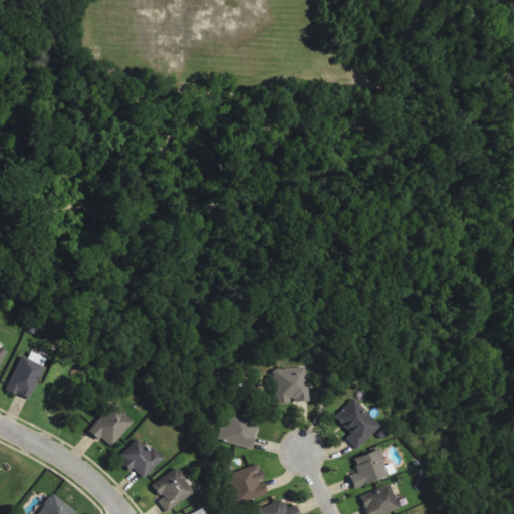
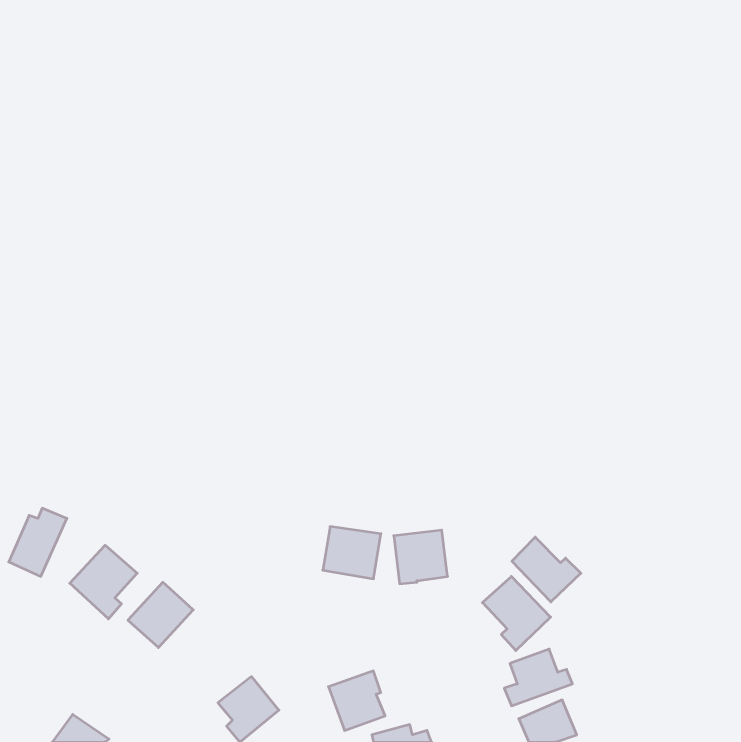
building: none -> [512,537,581,602]
building: none -> [70,545,137,619]
building: [218,412,258,448] -> [323,527,381,579]
building: [119,439,165,480] -> none

